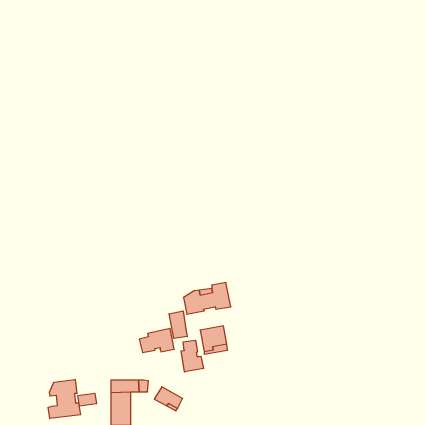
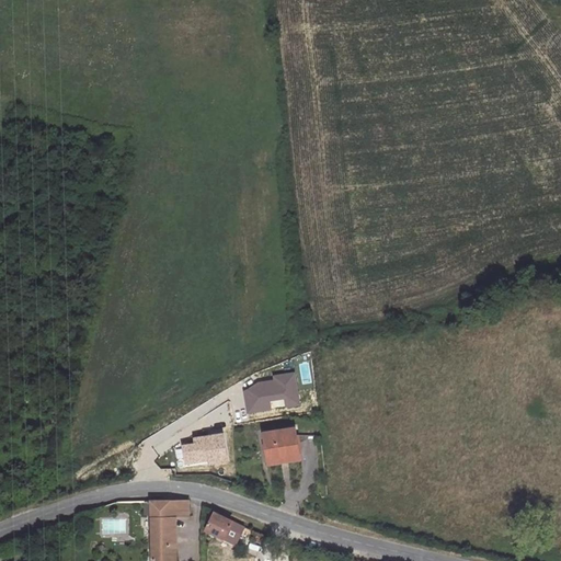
building: [169,311,187,338] -> none
building: [181,340,203,372] -> none
building: [48,379,81,419] -> none

